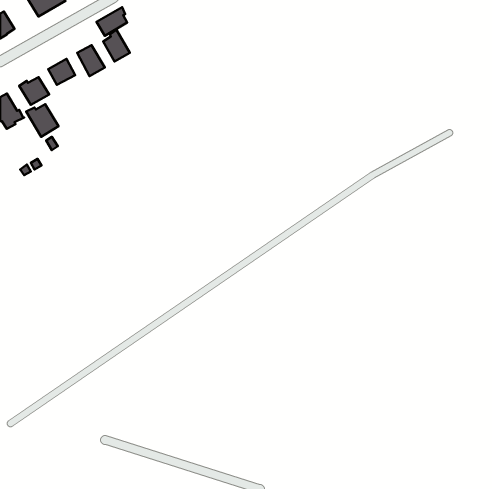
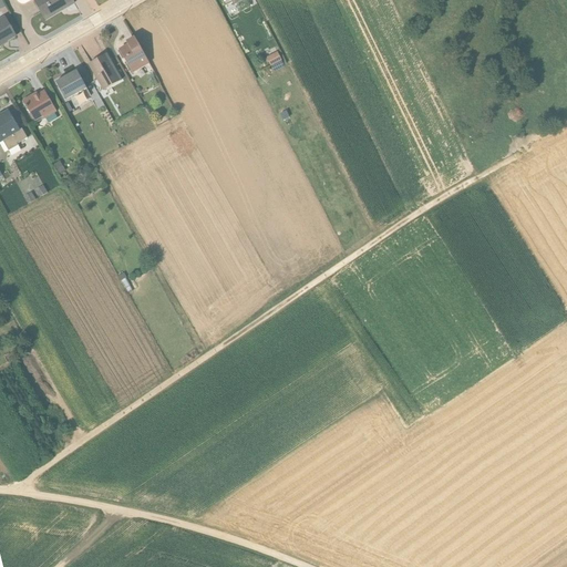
building: [97,7,127,36] -> none
building: [26,104,58,137] -> none

